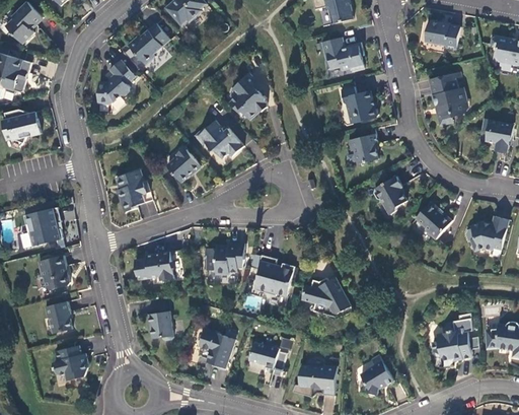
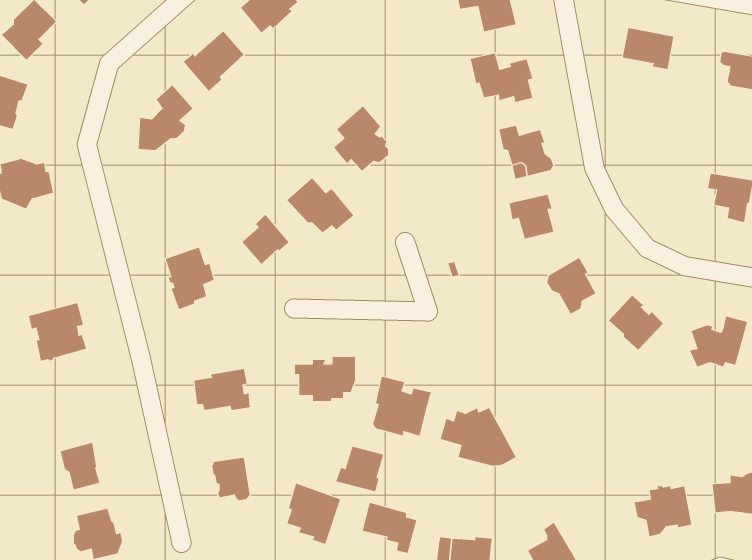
building: [428,72,466,125] -> none
building: [38,255,70,289] -> none
building: none -> [336,446,384,492]

